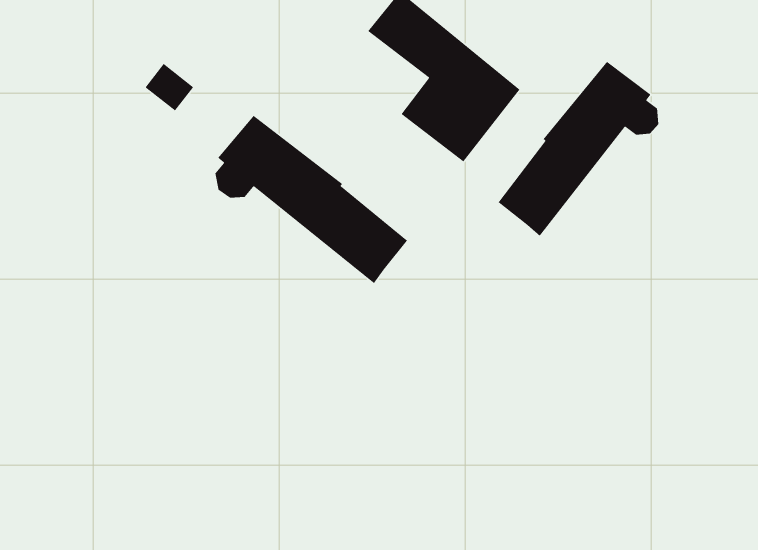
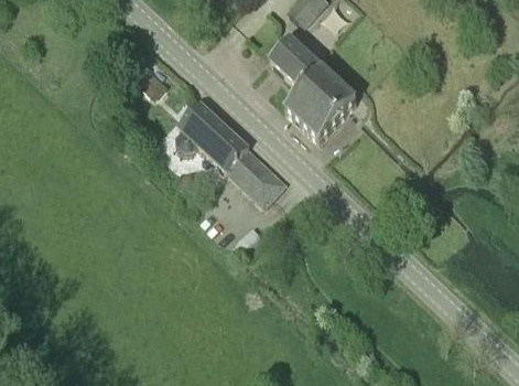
building: [497,61,659,237] -> none

